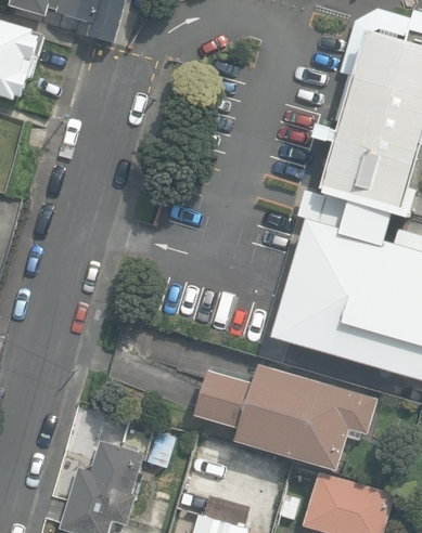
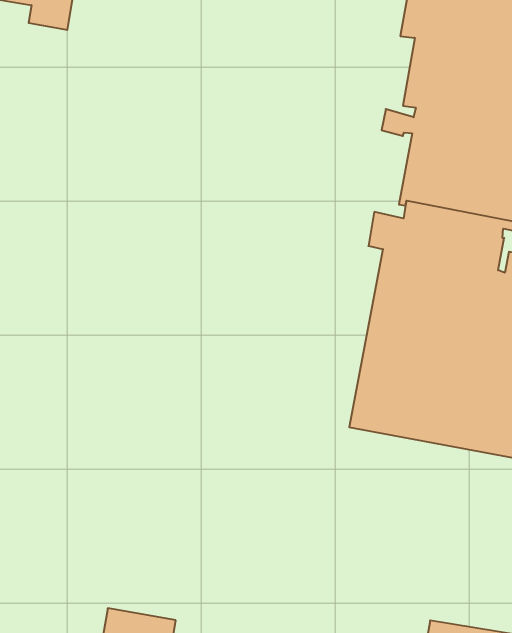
building: [193,364,375,470] -> none

